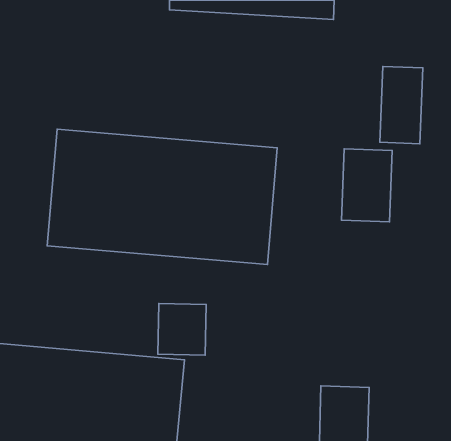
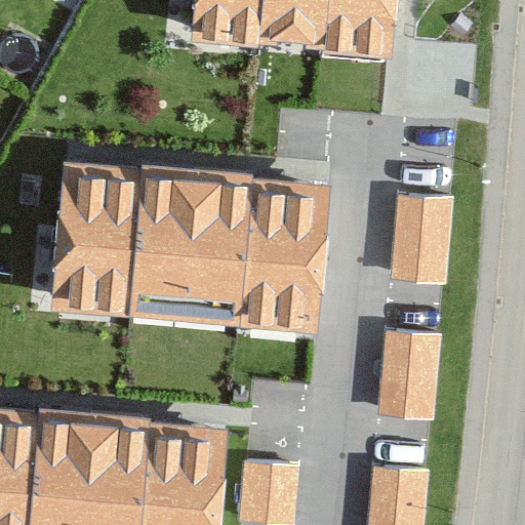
building: [380,66,423,144] -> none
building: none -> [379,324,439,416]
building: [158,303,206,355] -> [241,456,296,516]

